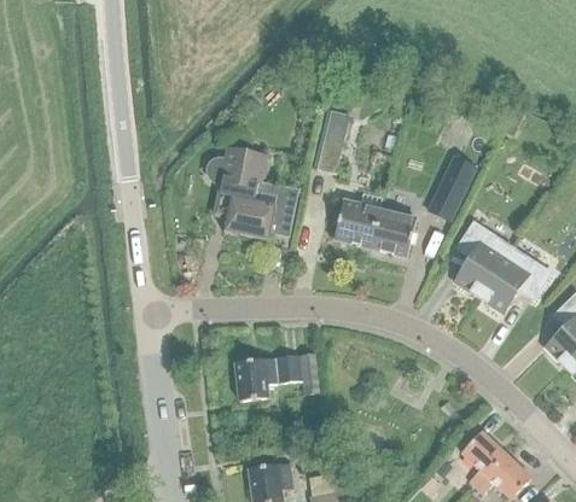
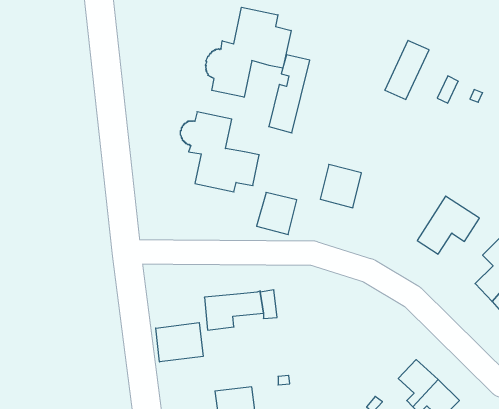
building: none -> [205,7,291,97]
building: [426,154,477,222] -> [385,40,429,99]
building: [332,199,378,247] -> [257,192,297,235]
building: [455,218,512,294] -> none
building: none -> [156,323,203,362]

